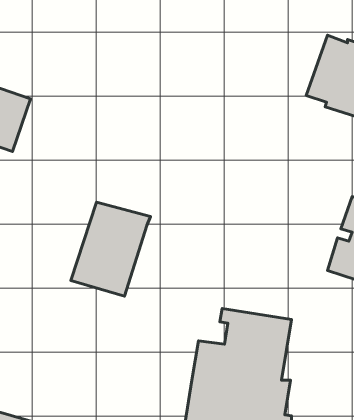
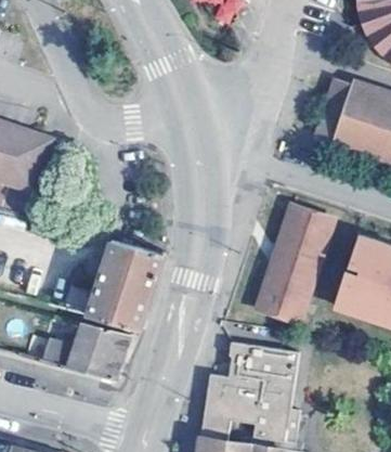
building: none -> [258,205,333,322]
building: none -> [43,322,128,379]

